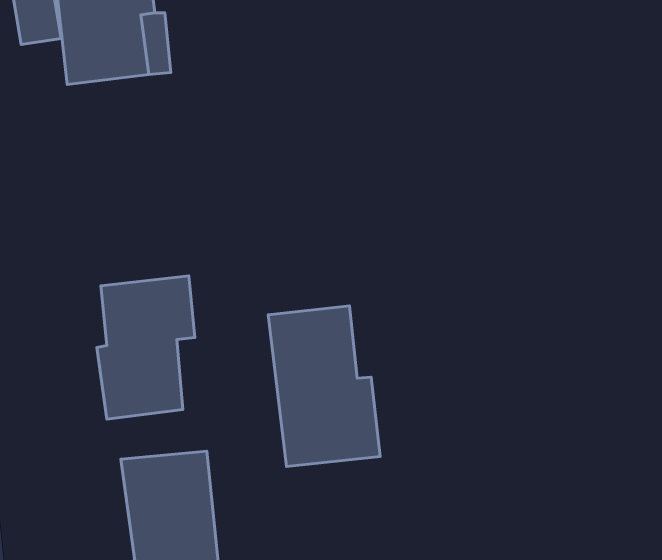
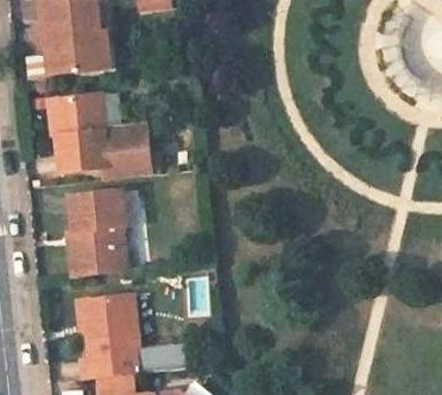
building: none -> [50,95,150,179]
building: [268,306,380,467] -> none

